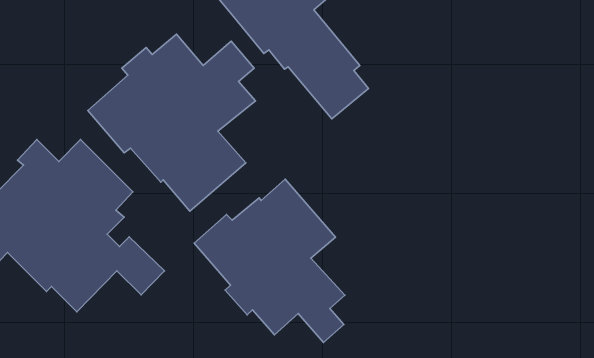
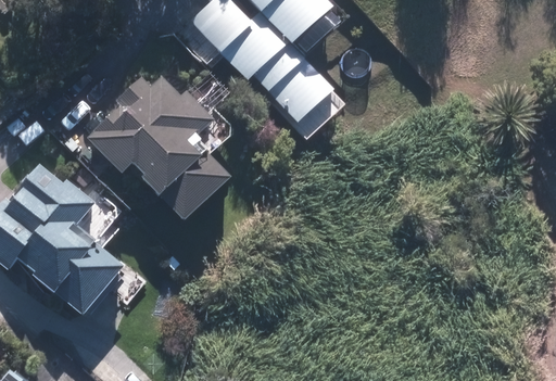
building: [194,179,345,342] -> none

